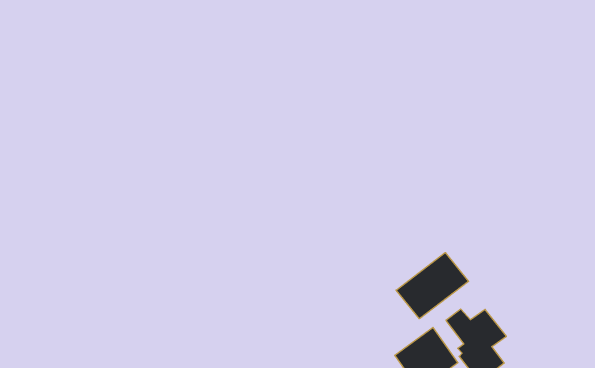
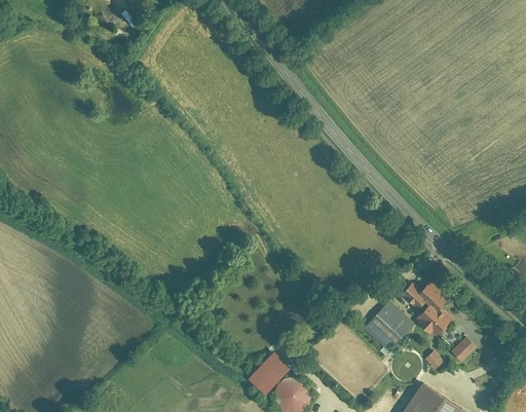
building: [396,253,469,319] -> none

